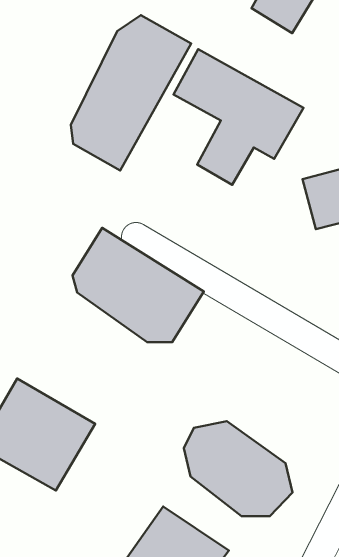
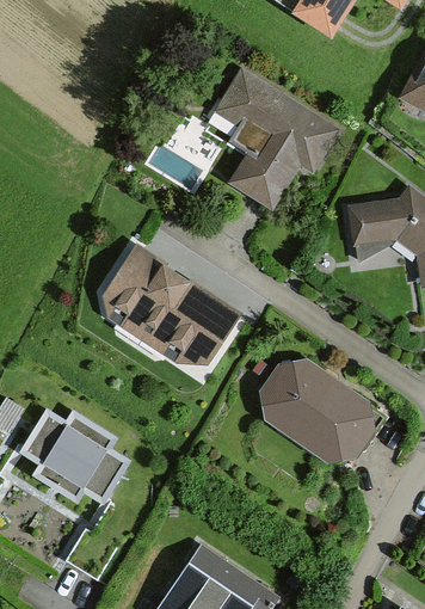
building: [71,15,191,170] -> none
building: [184,421,292,516] -> [263,361,377,461]

